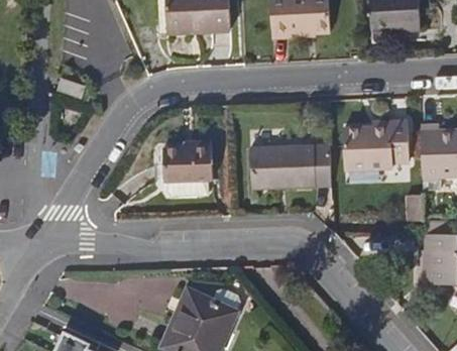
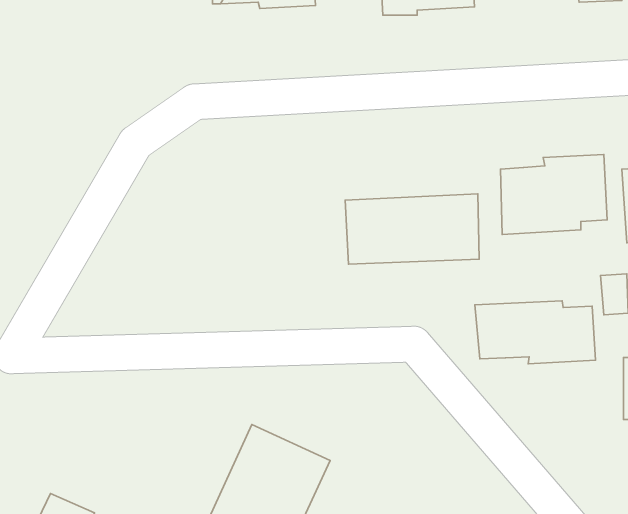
building: [163,139,213,192] -> none
building: none -> [475,301,595,364]

